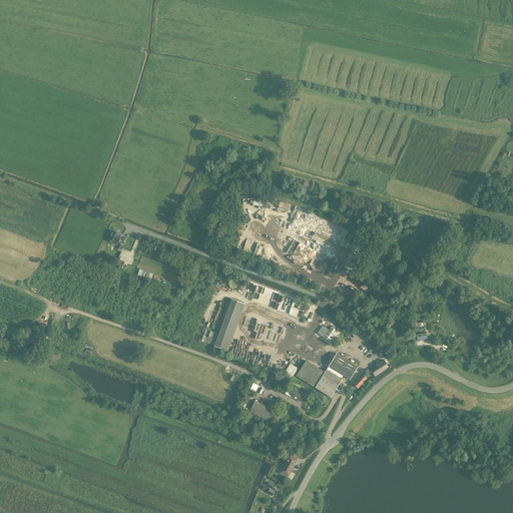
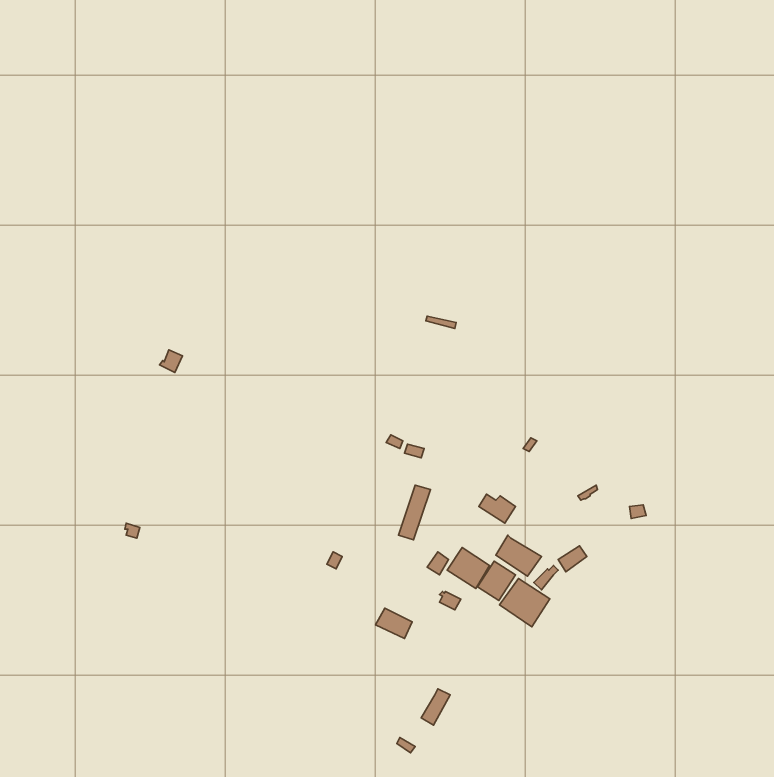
building: [212,299,243,350] -> none
building: none -> [500,578,550,627]

